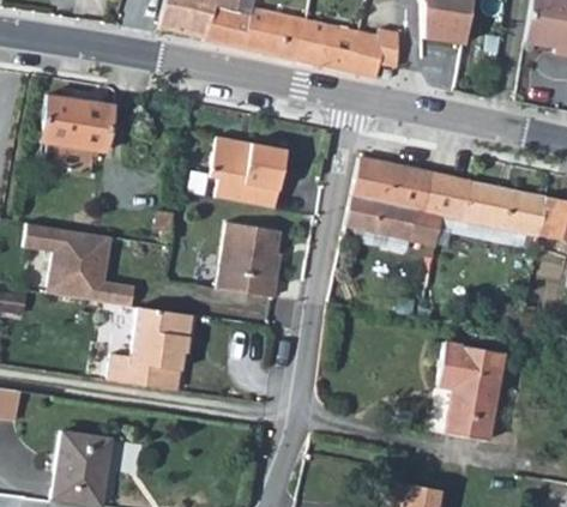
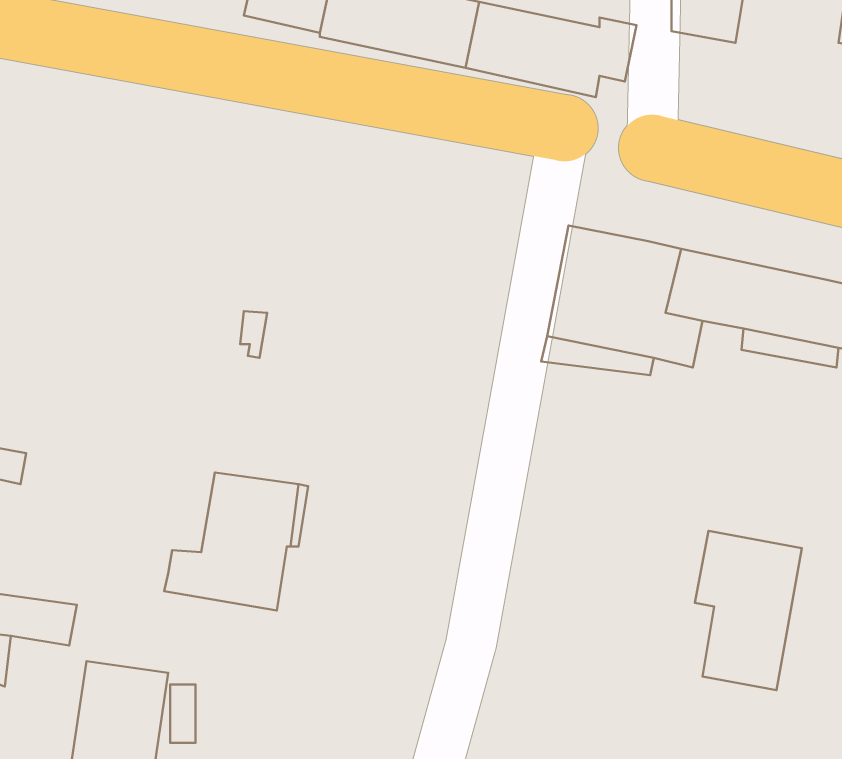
building: [41,95,113,151] -> none
building: [210,137,288,210] -> none
building: [28,219,139,308] -> none
building: [215,222,281,298] -> none

